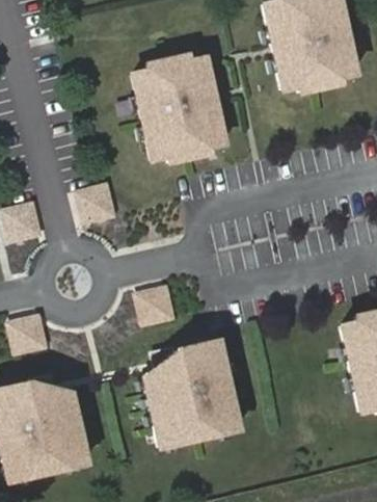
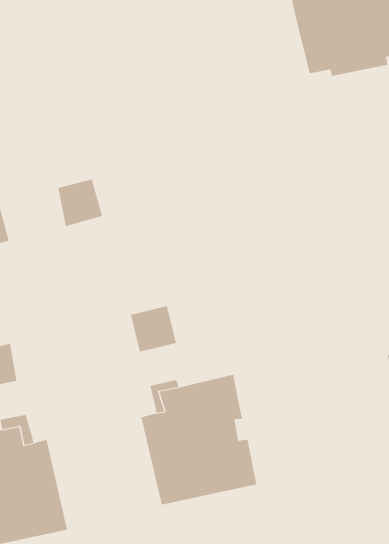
building: [130,54,230,168] -> none

